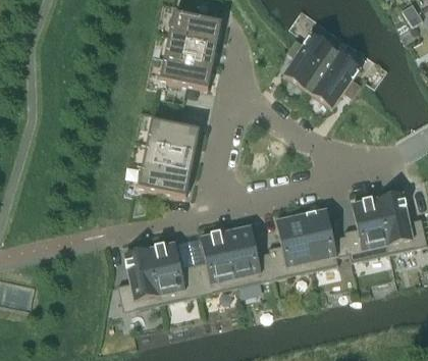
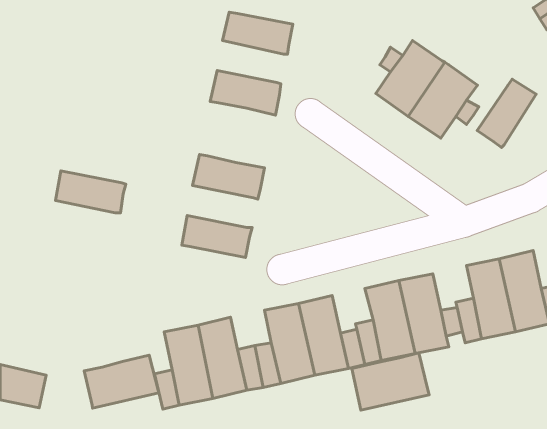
building: [164,32,217,64] -> none
building: none -> [477,79,536,148]
building: [142,141,195,172] -> [55,171,126,213]
building: none -> [352,353,429,410]
building: none -> [84,355,159,408]

